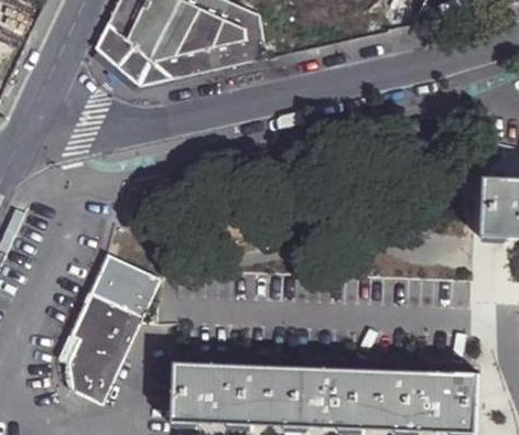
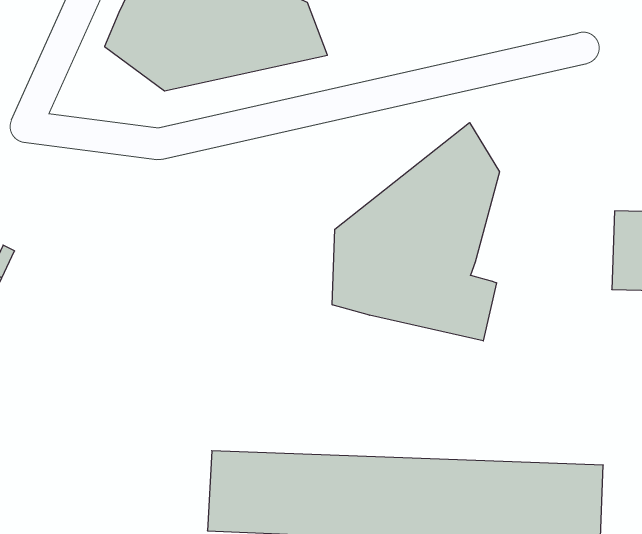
building: none -> [332,123,499,341]
building: [56,253,162,403] -> none

